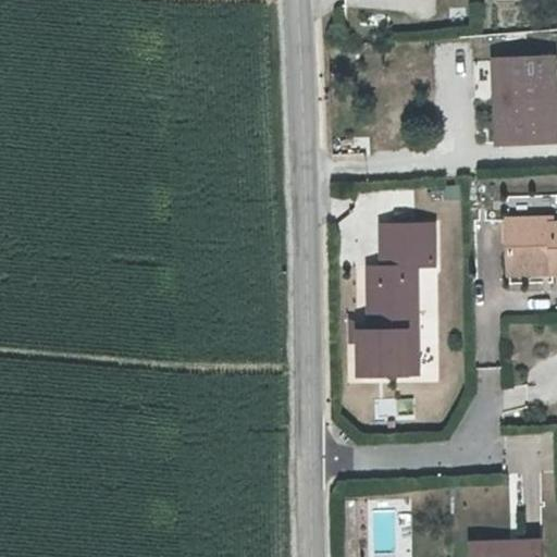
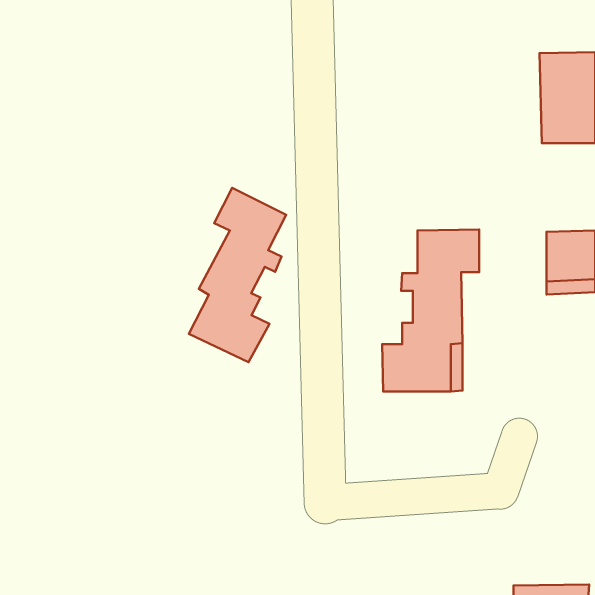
building: none -> [189,188,286,362]

